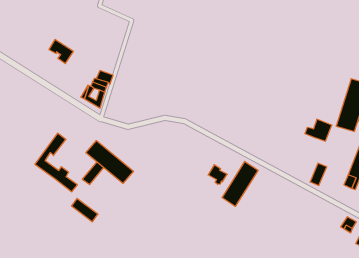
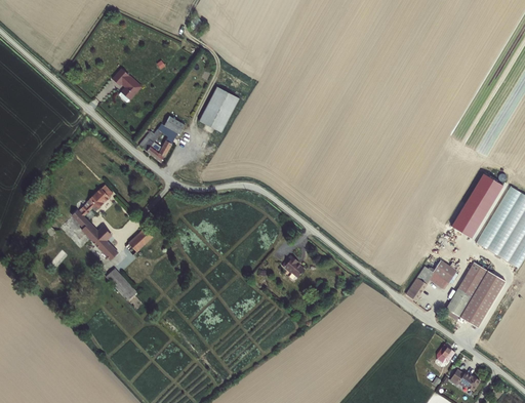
building: none -> [199,85,240,132]
building: [305,119,332,141] -> [419,257,454,286]
building: [86,141,133,183] -> none
building: [222,161,258,206] -> none

